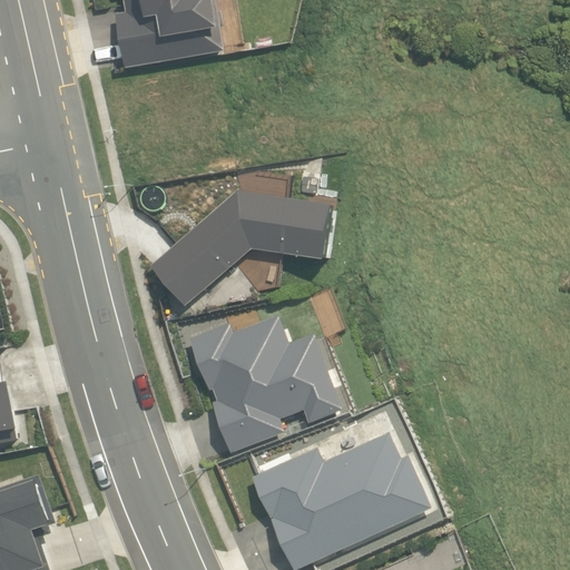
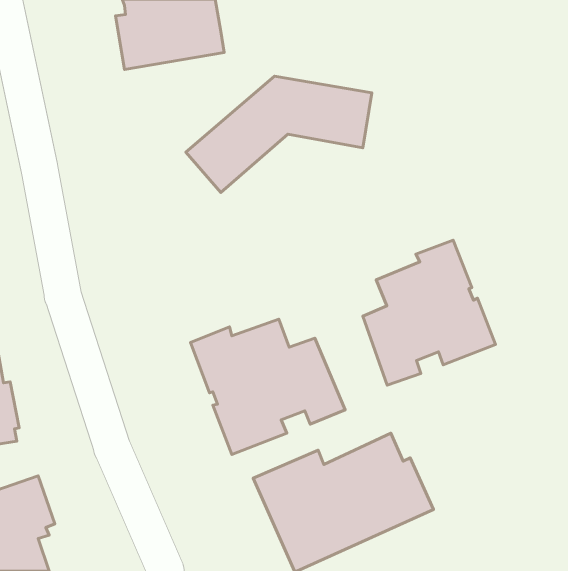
building: [149,191,334,307] -> [186,76,372,193]
building: none -> [363,240,495,385]

